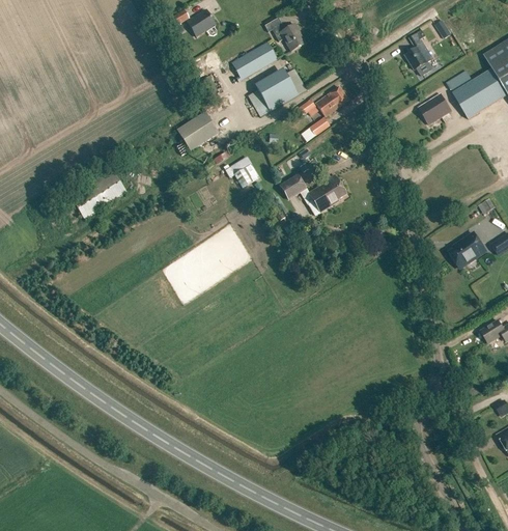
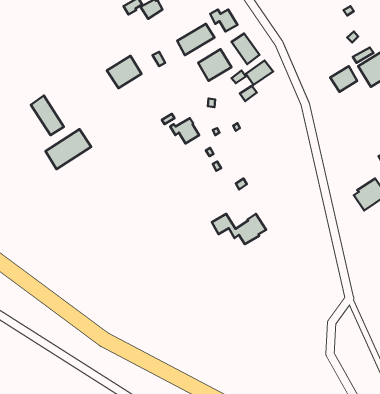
building: [405,28,433,68] -> none
building: none -> [232,33,259,64]
building: [176,111,219,150] -> [107,56,142,88]
building: none -> [31,95,64,135]
building: [280,173,346,211] -> [212,214,266,244]

